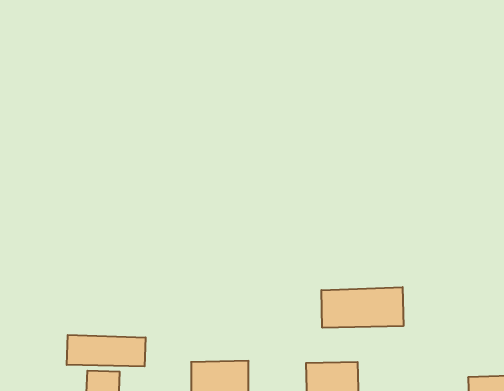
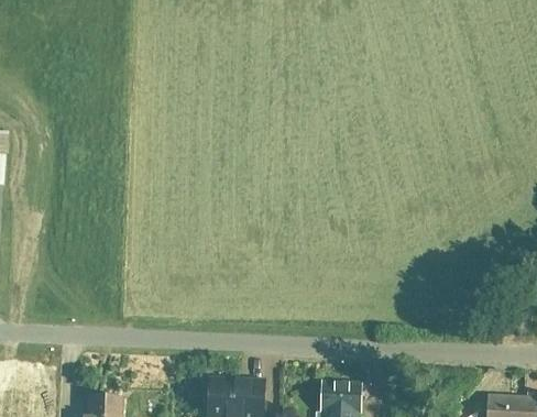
building: [321,287,403,328] -> none
building: [67,335,146,366] -> none

